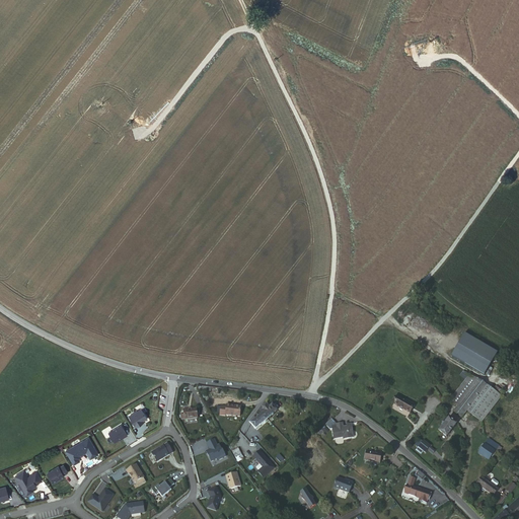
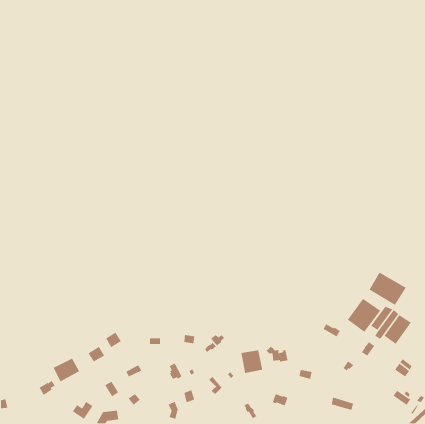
building: none -> [347,298,381,333]
building: none -> [241,350,263,374]
building: [16,468,46,492] -> none

